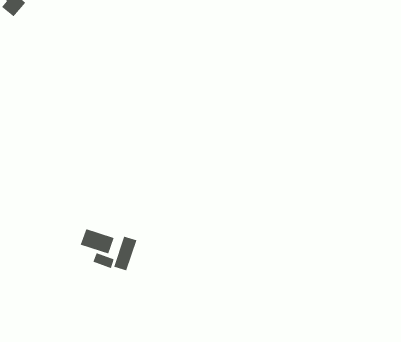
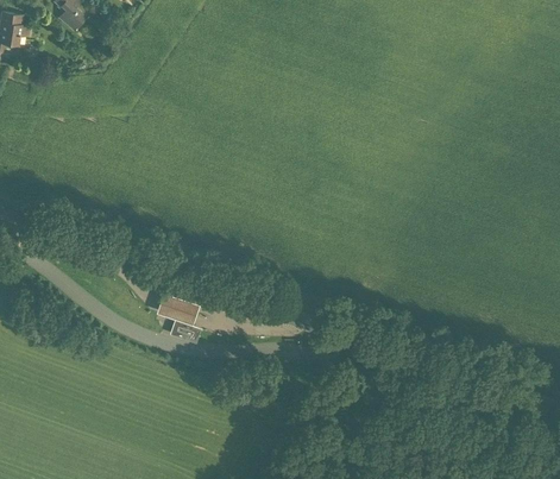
building: [113,236,137,271] -> none

